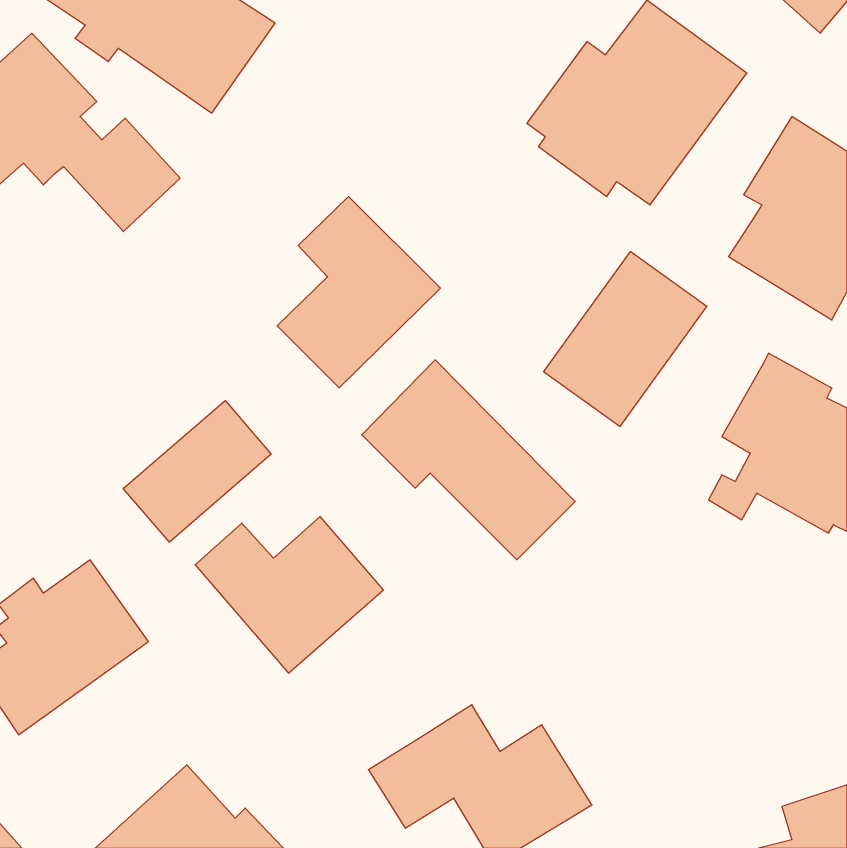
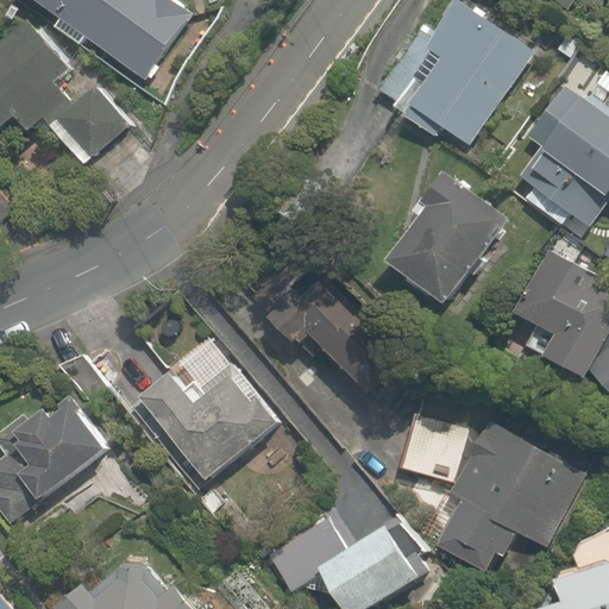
building: [277,197,440,388] -> none
building: [123,401,271,542] -> none
building: none -> [438,412,591,572]

